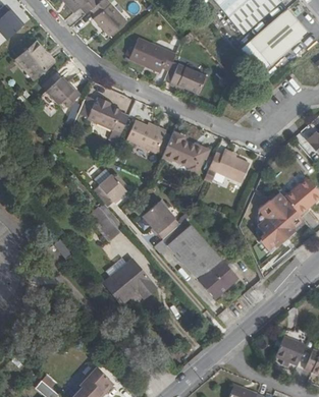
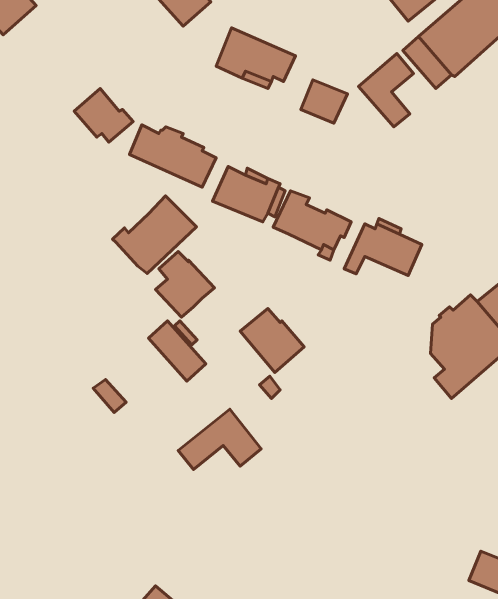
building: [15,40,51,75] -> none
building: none -> [359,54,414,127]
building: none -> [113,196,197,273]
building: [168,224,238,297] -> none

